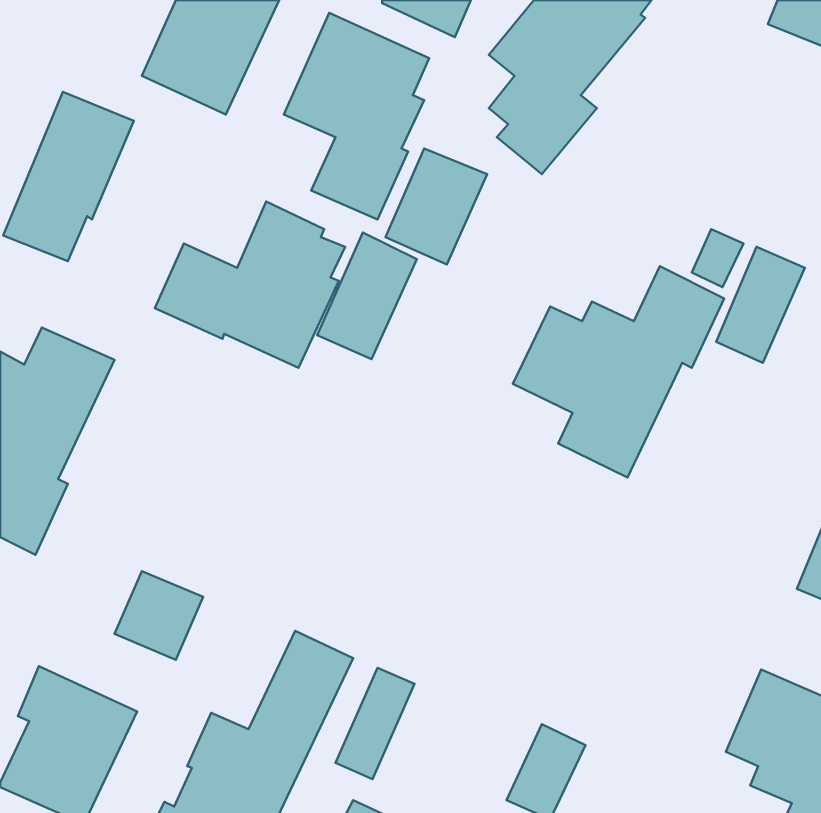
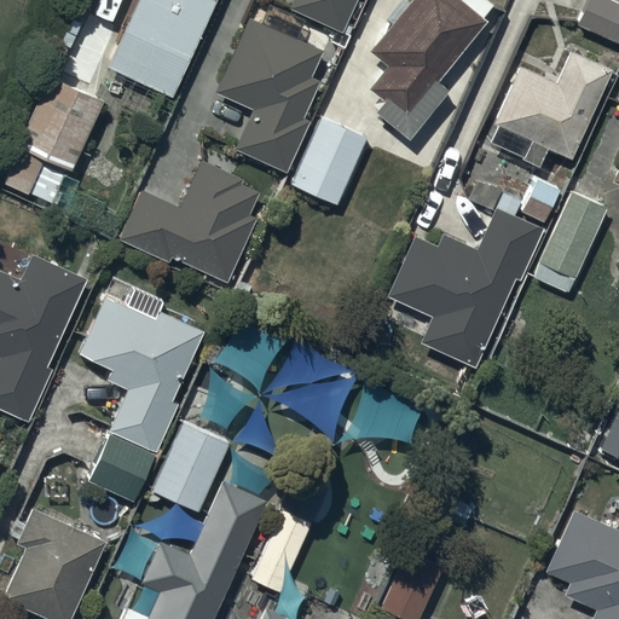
building: none -> [490,51,611,168]
building: [317,233,417,359] -> none
building: none -> [80,289,204,453]
building: none -> [151,423,230,513]

